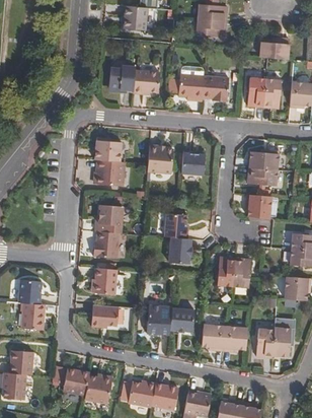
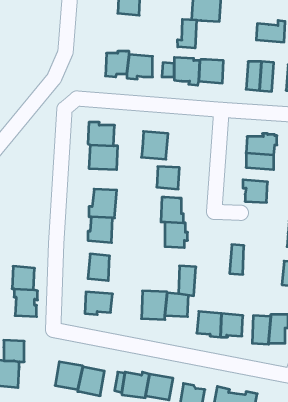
building: none -> [178,19,196,48]
building: [182,152,205,175] -> [157,167,179,189]
building: [219,257,236,286] -> [178,266,196,296]

